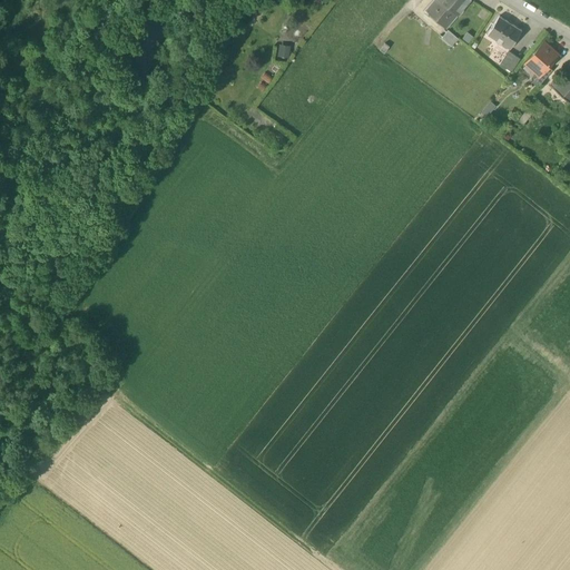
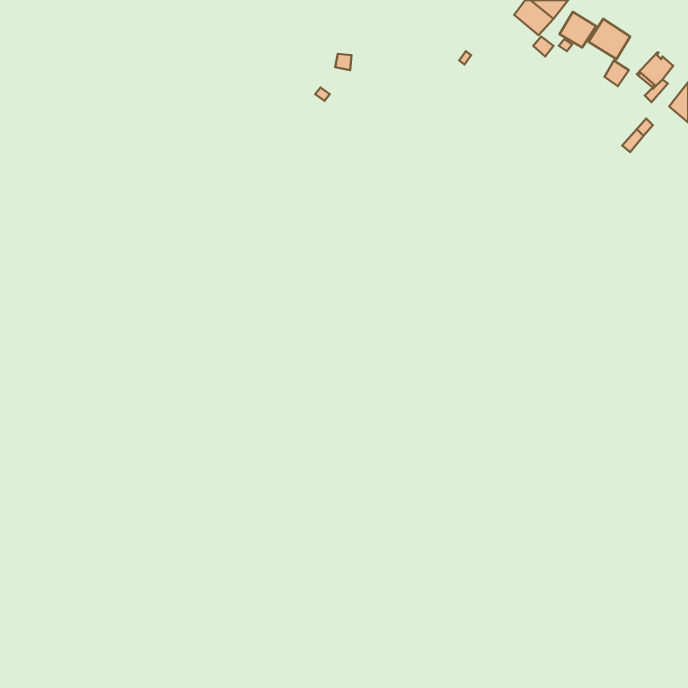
building: none -> [560,12,596,47]

